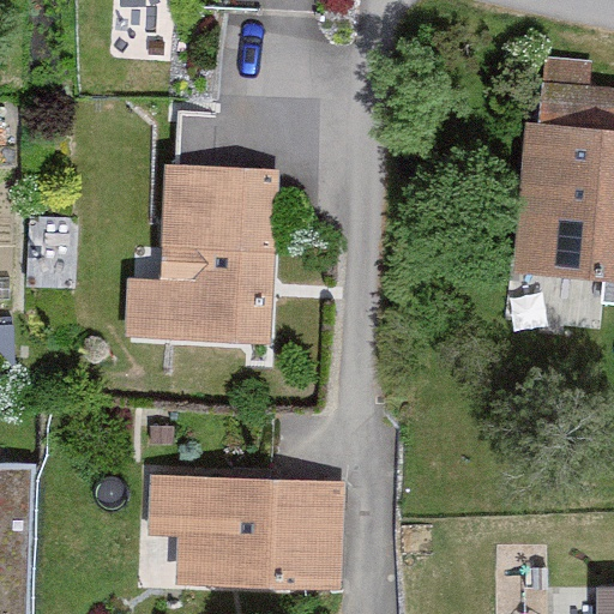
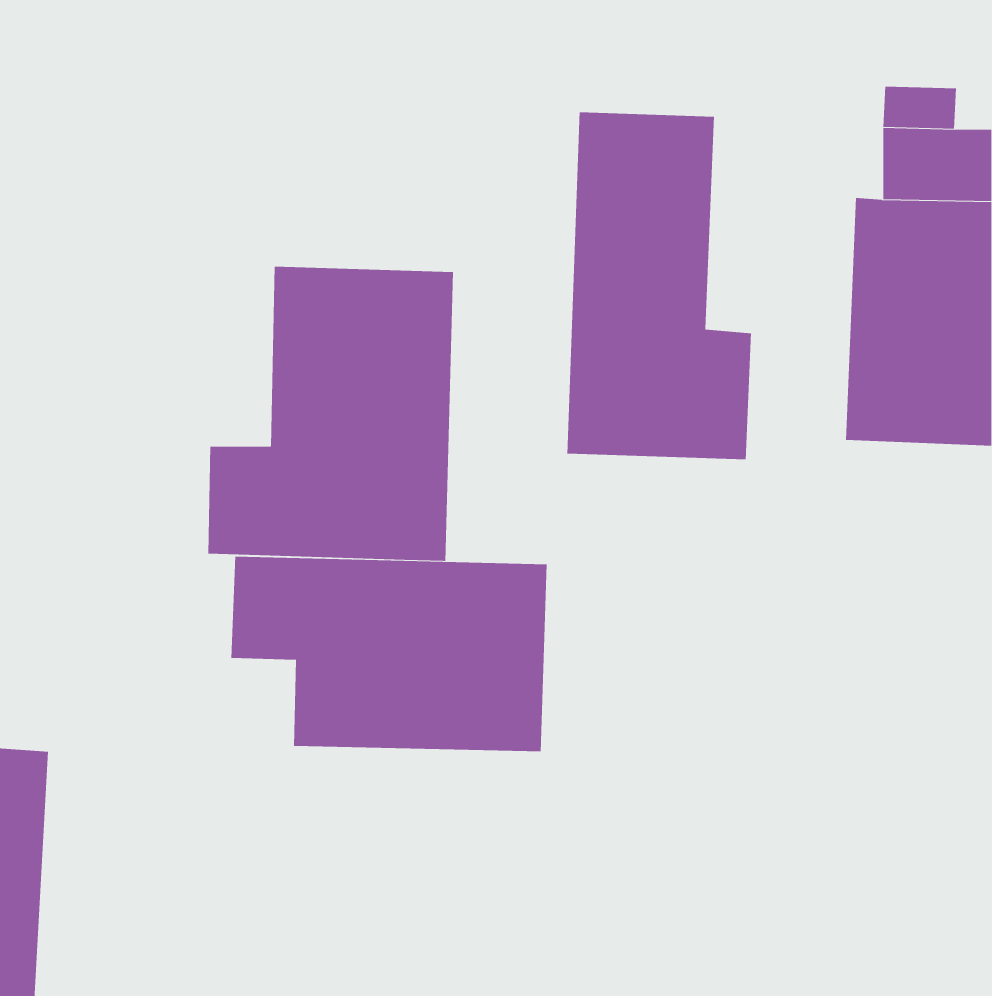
building: none -> [567,112,751,460]
building: [146,474,341,594] -> [230,556,547,752]

